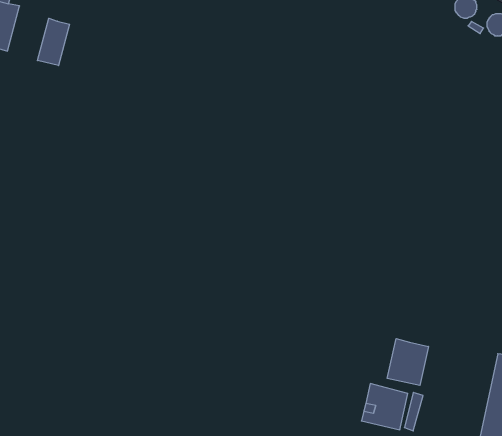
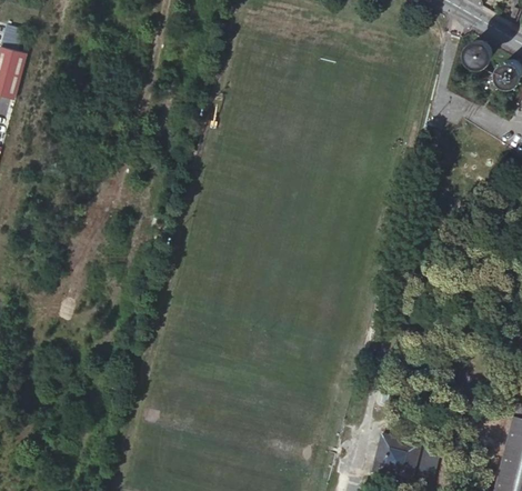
building: [37,18,70,66] -> none
building: [387,339,428,385] -> none

